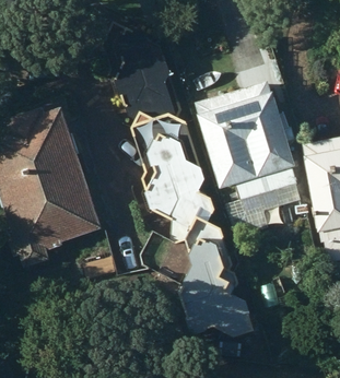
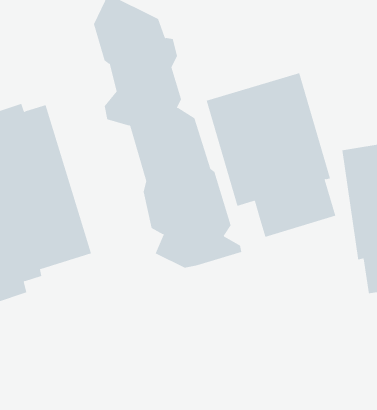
building: [178,228,251,335] -> none

